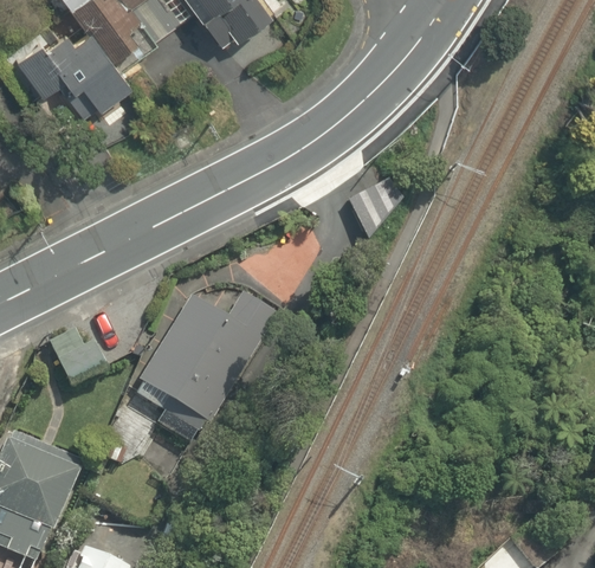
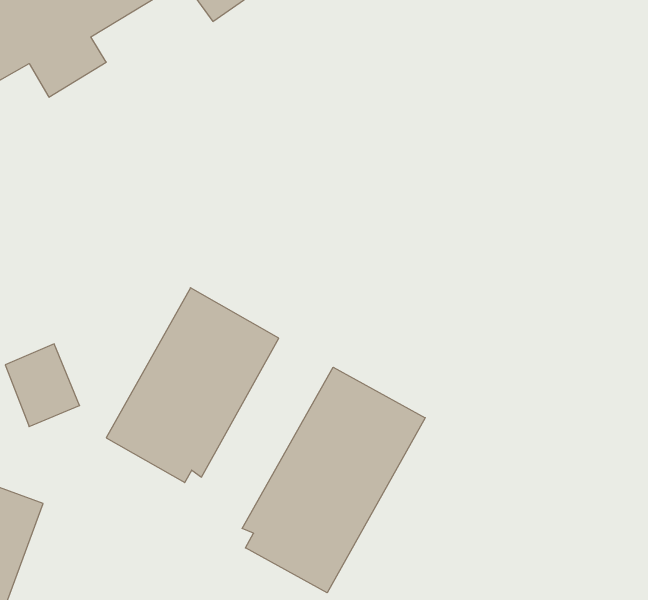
building: none -> [242,367,425,593]

